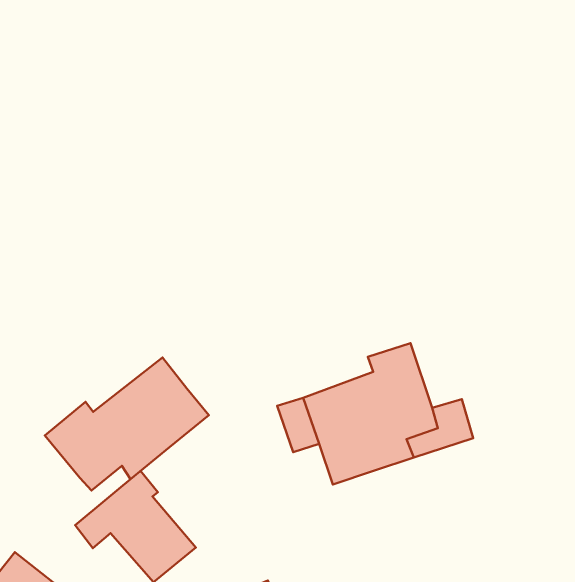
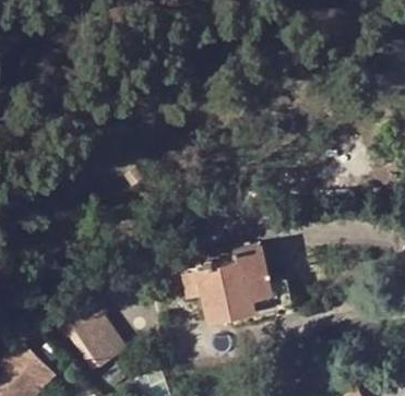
building: [45,358,209,490] -> none

